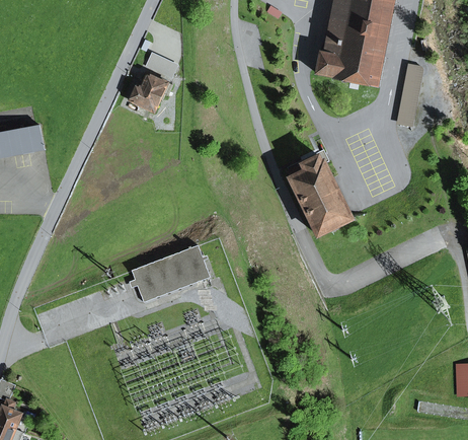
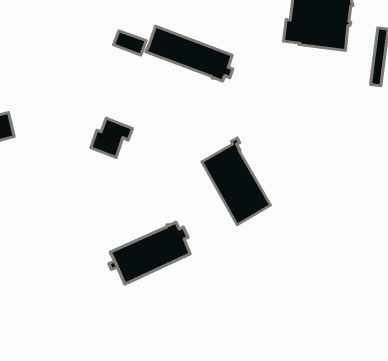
building: none -> [146,26,233,81]
building: [130,72,172,112] -> [91,118,133,157]
building: [287,149,352,235] -> [202,138,271,225]

